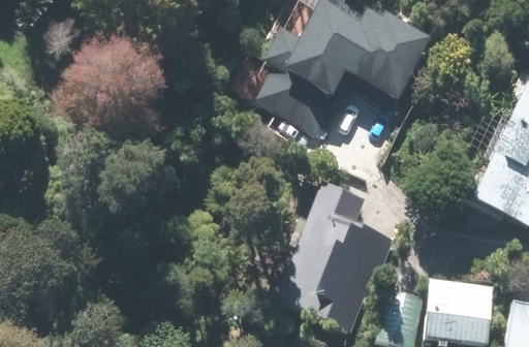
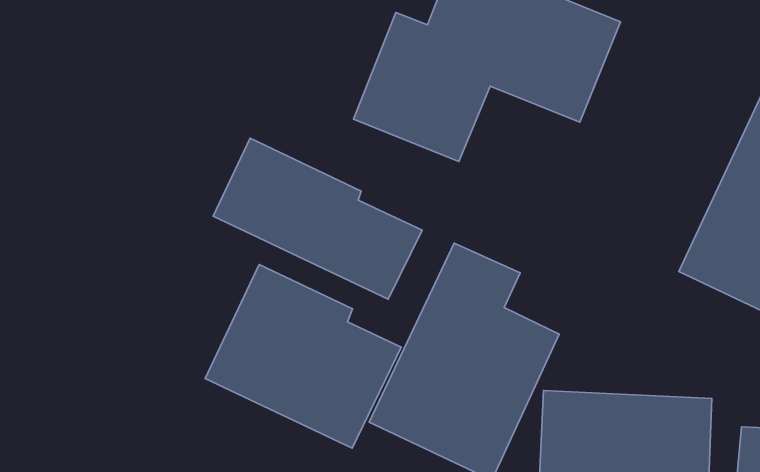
building: none -> [213,138,422,299]
building: none -> [205,264,401,448]

